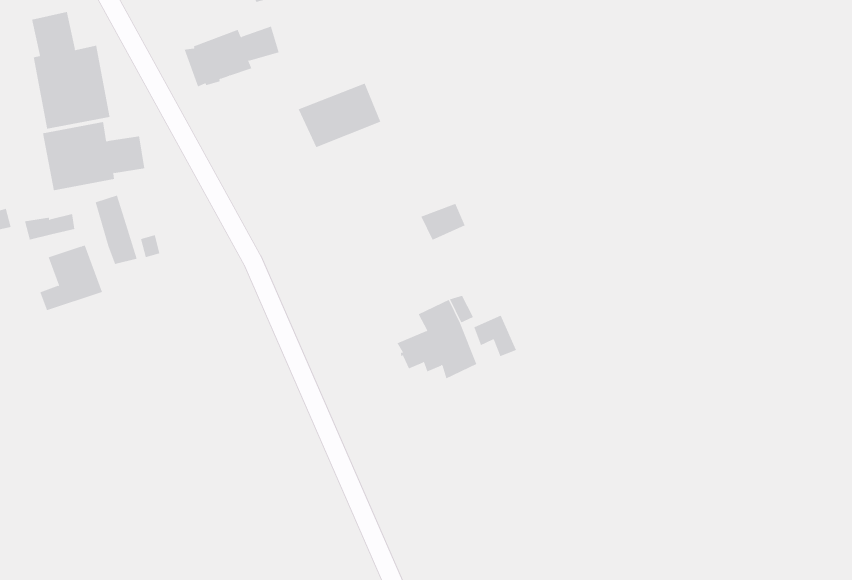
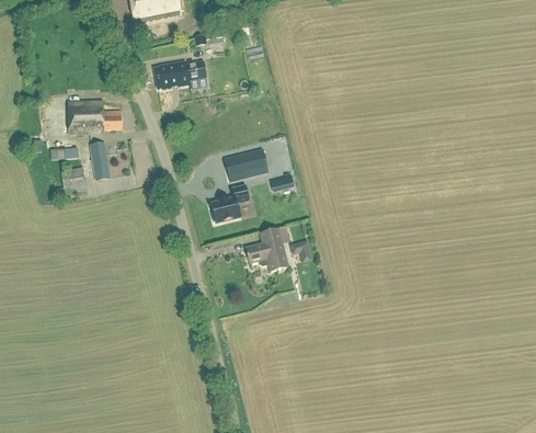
building: [31,11,110,129] -> none
building: [298,83,381,148] -> [224,149,269,181]
building: none -> [210,185,249,223]

